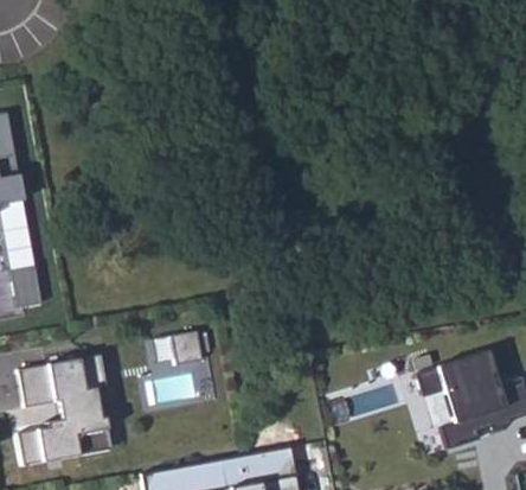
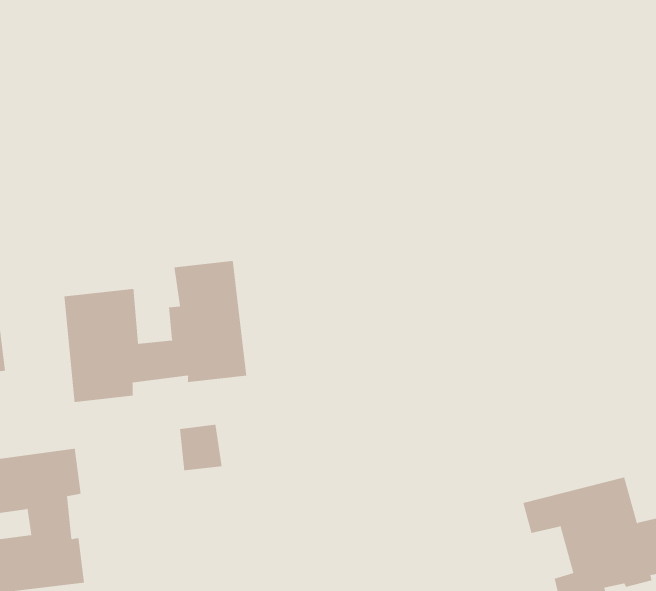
building: none -> [64,260,247,403]

